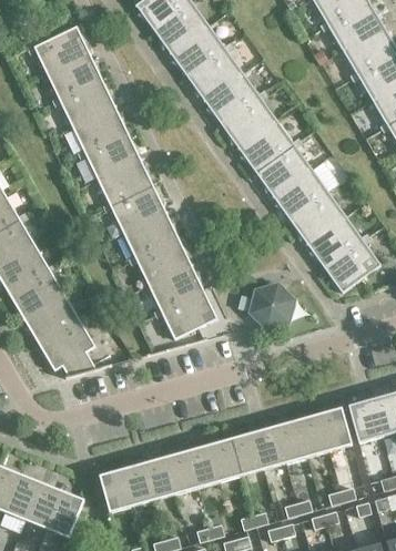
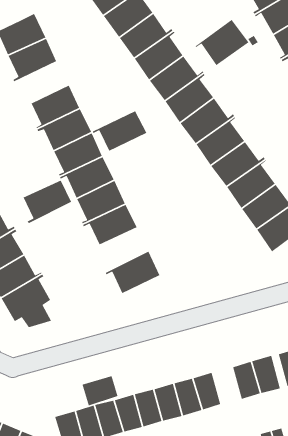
building: none -> [194,19,250,66]
building: [53,80,115,126] -> [92,110,148,152]
building: [149,265,204,315] -> [23,179,72,224]
building: [251,285,297,331] -> none
building: [275,420,307,462] -> none
building: none -> [82,375,118,407]

